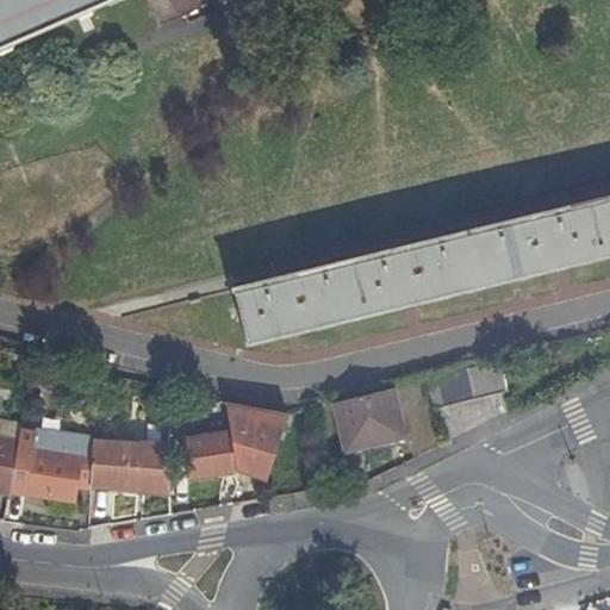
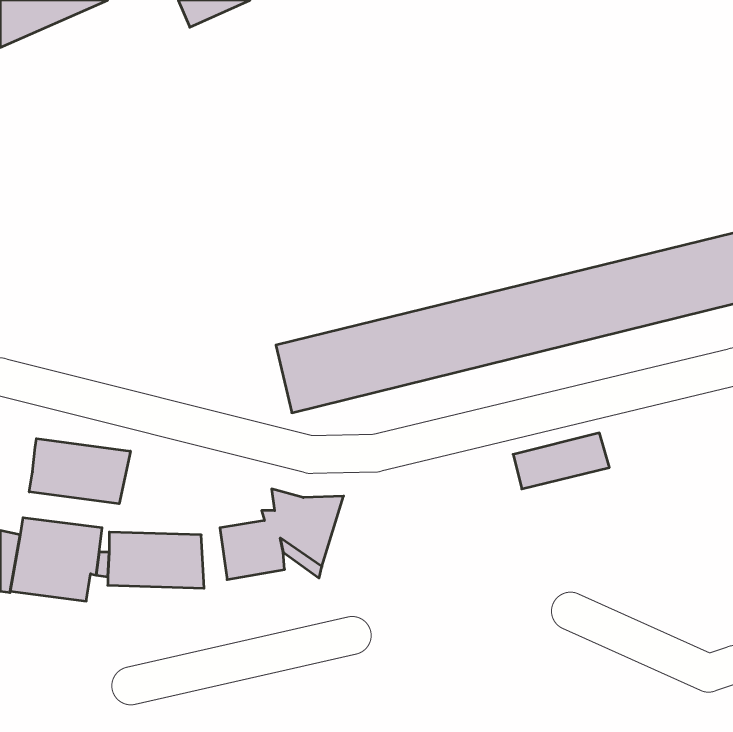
building: none -> [29,439,130,504]
building: [337,393,404,452] -> none

